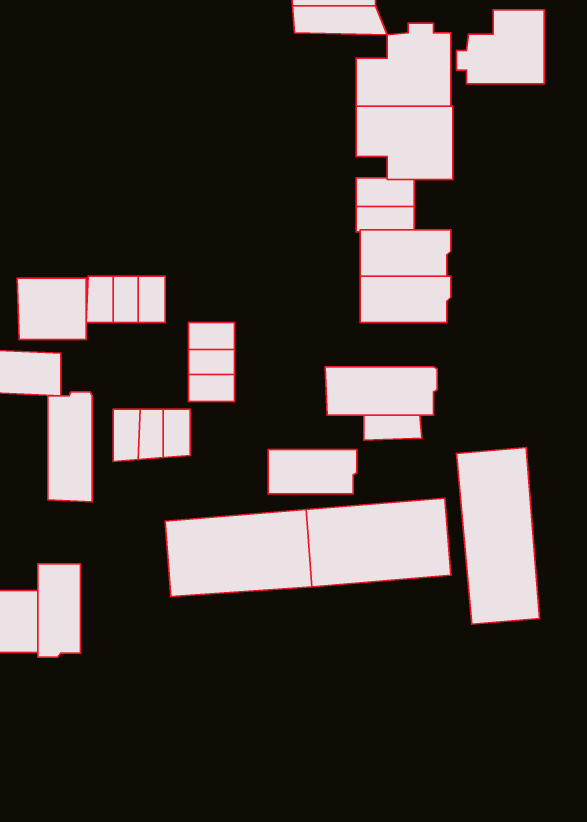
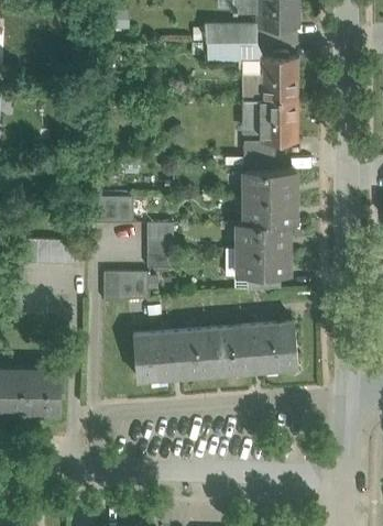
building: [456,10,544,84] -> none
building: [17,278,86,340] -> none
building: [48,392,92,502] -> none
building: [457,448,539,624] -> none
building: [268,450,357,494] -> [239,223,289,249]
building: [38,564,81,657] -> none

